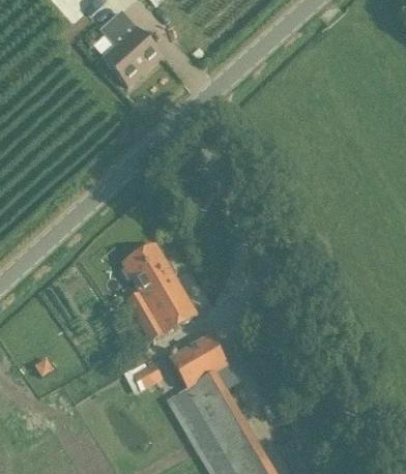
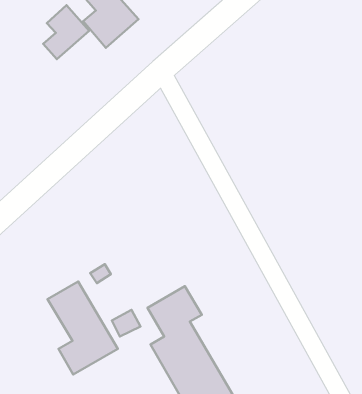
building: none -> [43,5,89,59]
building: [122,244,196,342] -> [48,282,118,374]

